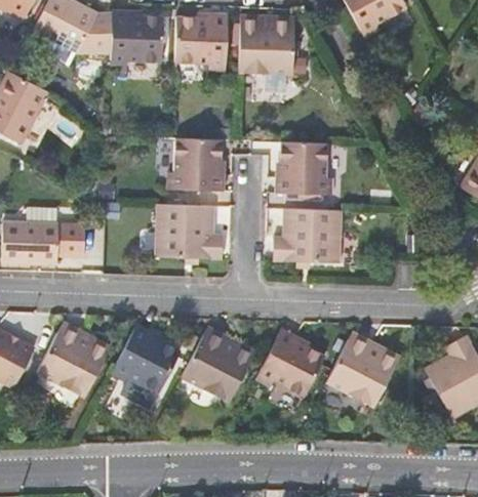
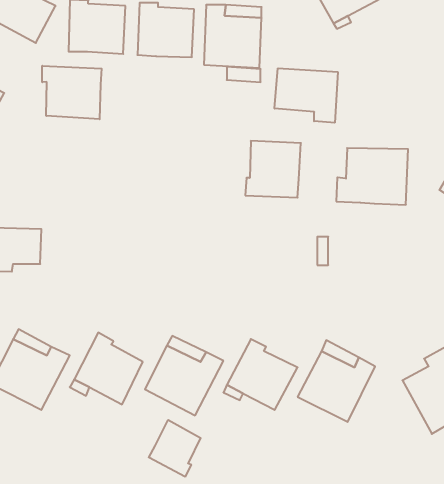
building: none -> [42,66,102,119]
building: none -> [275,68,338,123]
building: [172,138,225,191] -> none
building: [156,204,222,258] -> none
building: [274,209,342,262] -> [336,148,408,205]
building: none -> [149,420,201,477]

